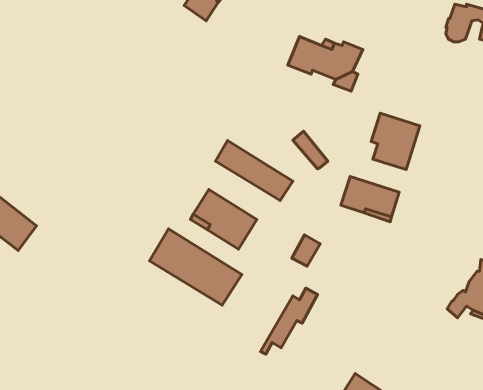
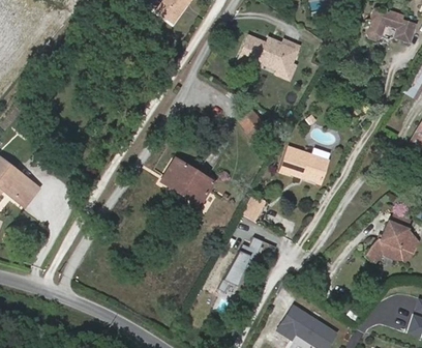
building: [371,113,420,169] -> none
building: [215,141,293,201] -> none
building: [149,229,242,305] -> none

